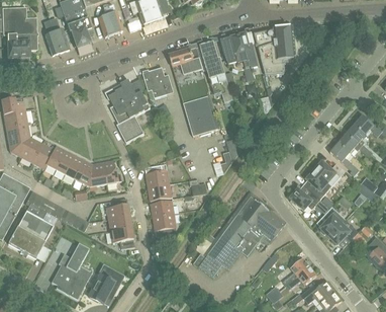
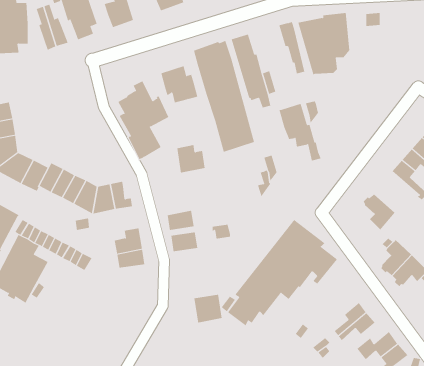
building: [219,34,254,81] -> [279,103,321,161]
building: [314,160,345,185] -> none
building: [144,164,168,187] -> [176,144,205,173]
building: [290,187,319,210] -> none
building: [153,214,176,237] -> [194,294,223,323]
building: [109,227,133,248] -> none
building: [50,243,90,299] -> none
building: [88,268,123,302] -> none

